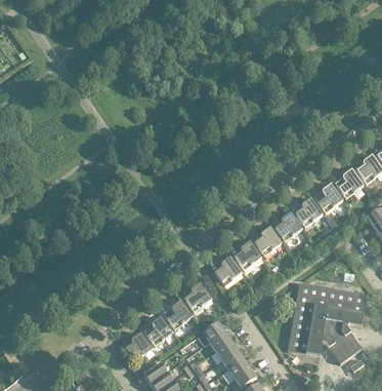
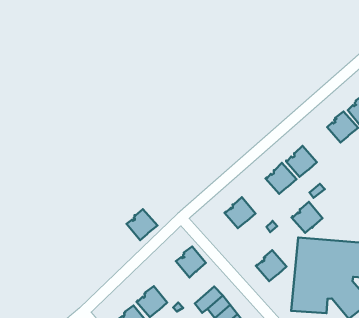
building: [314,183,343,211] -> none
building: [253,226,282,255] -> [292,202,322,233]
building: [213,256,242,284] -> [256,250,287,281]
building: [164,300,193,328] -> [127,209,157,240]

